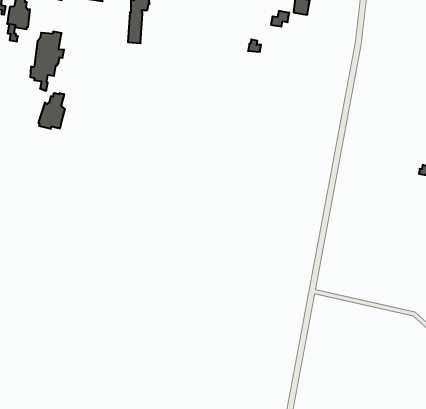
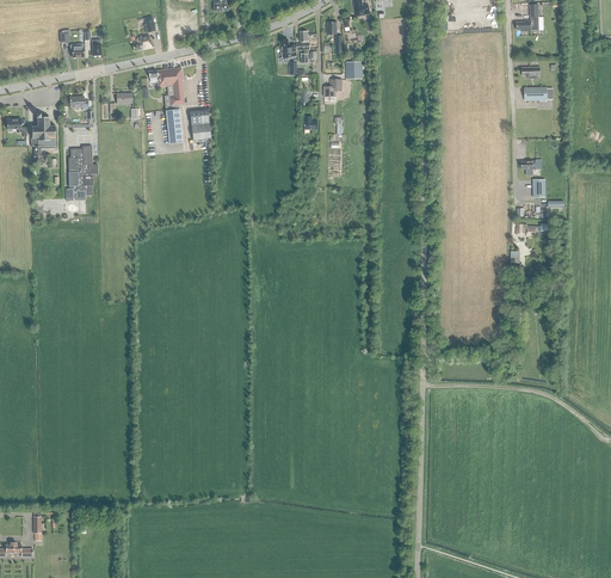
building: none -> [190,107,210,139]
building: [39,93,65,129] -> none

